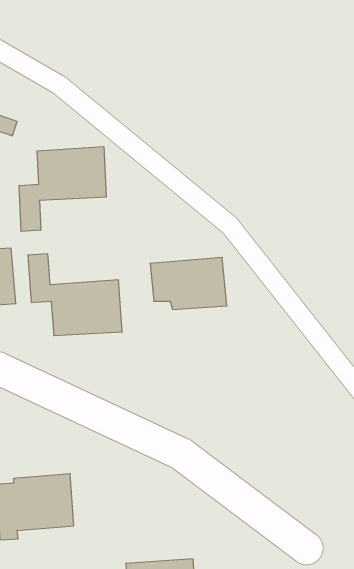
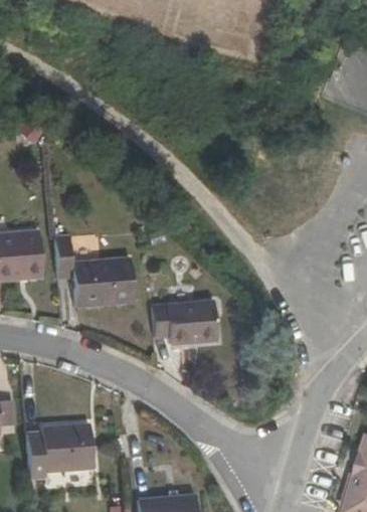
building: [19,147,106,231] -> none
building: [150,257,227,309] -> [151,301,216,345]

